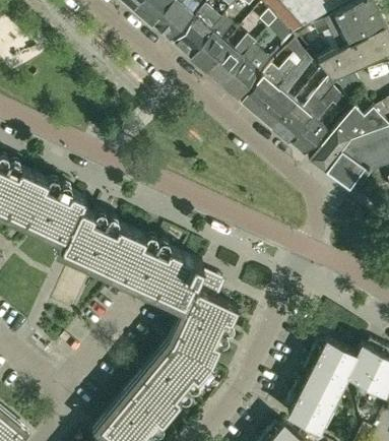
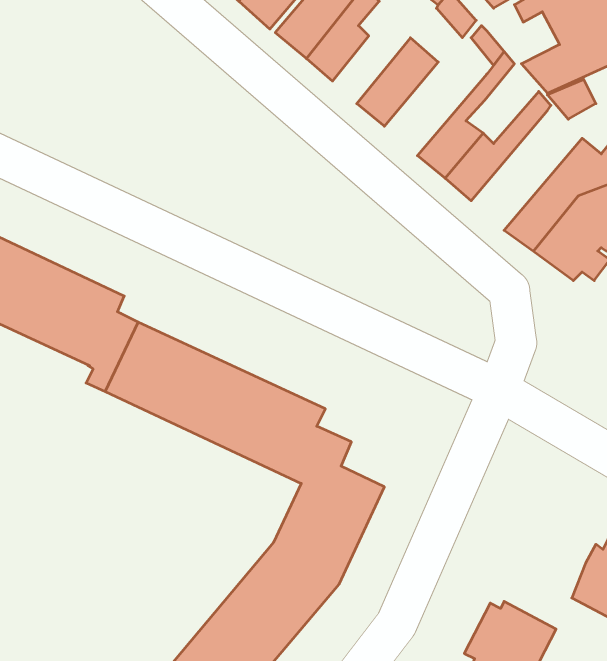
building: [206,38,255,86] -> none
building: [240,61,297,117] -> none
building: [287,90,347,158] -> none
building: [302,340,354,394] -> none

